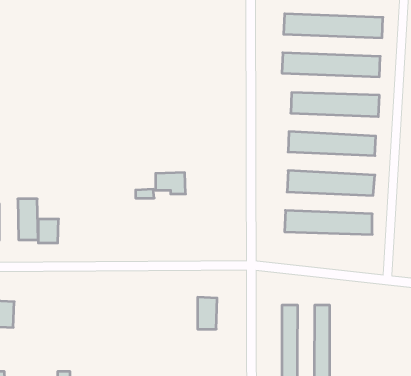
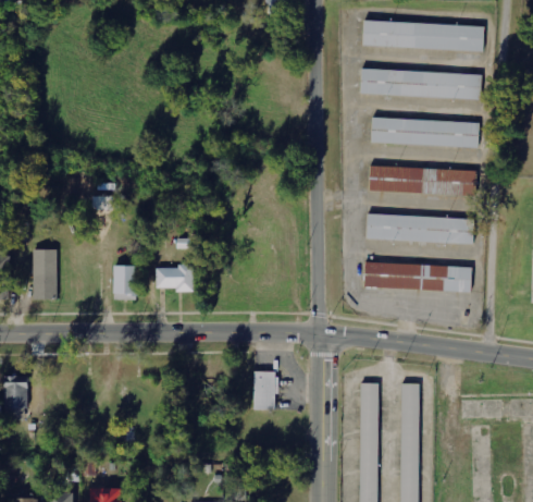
building: [156,173,186,194] -> [159,265,196,291]
building: [38,219,59,243] -> [115,265,140,294]

